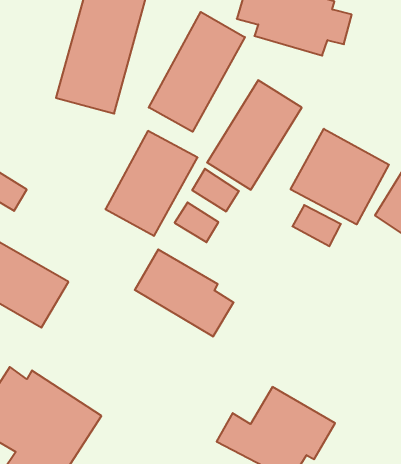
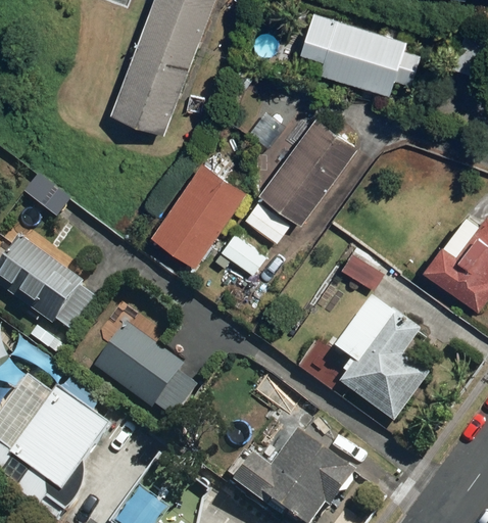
building: [149,12,245,132] -> none
building: [291,129,389,224] -> none
building: [135,249,234,336] -> [95,325,195,420]
building: none -> [312,296,427,419]

